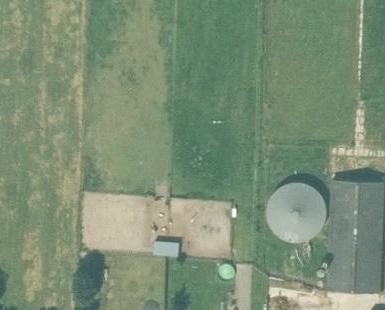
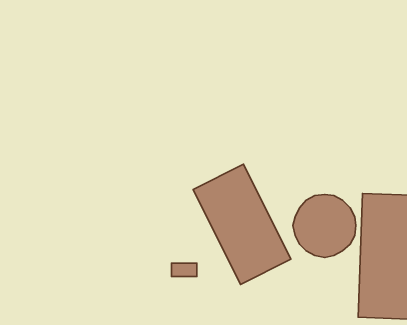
building: none -> [193,164,291,284]

